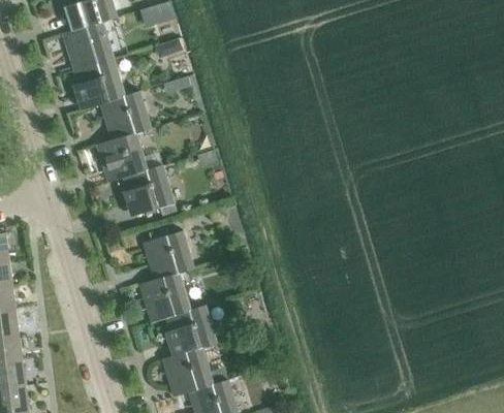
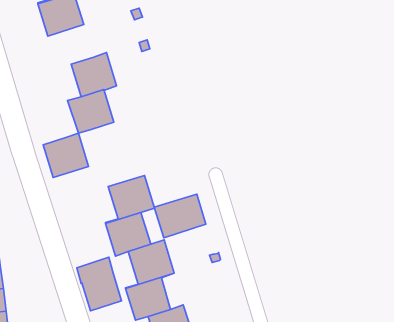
building: [72,59,125,108] -> none
building: [122,165,174,216] -> [43,133,88,177]
building: none -> [154,194,206,238]
building: none -> [77,257,122,311]

